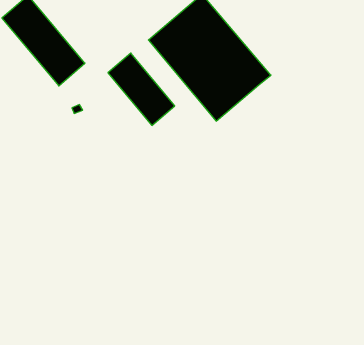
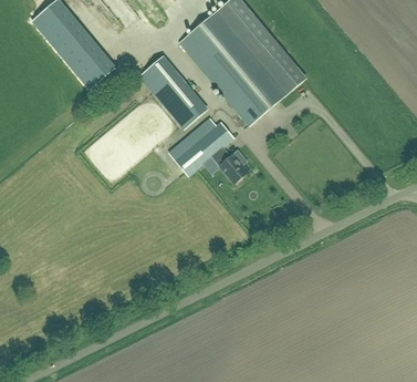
building: none -> [176,122,249,183]

